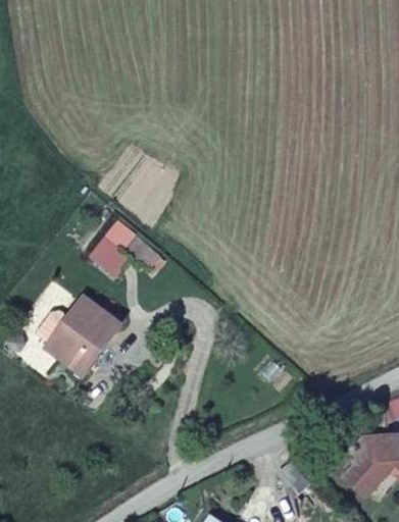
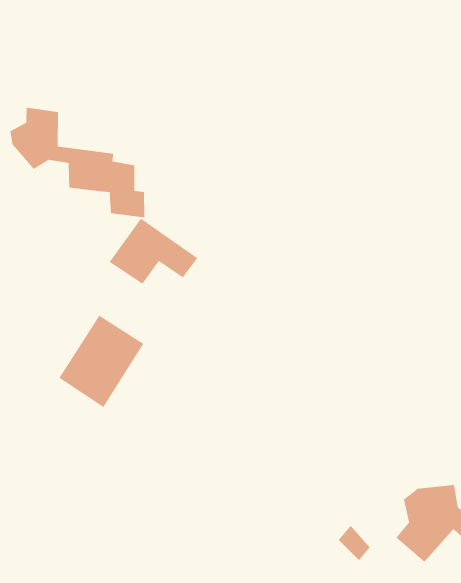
building: none -> [10,107,145,218]

